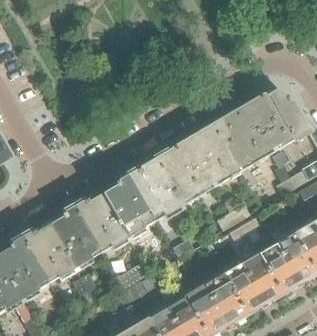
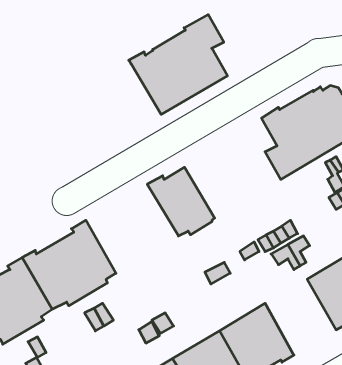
building: [154,119,236,202] -> [129,15,227,114]
building: [74,174,151,248] -> none
building: [223,253,282,316] -> none

